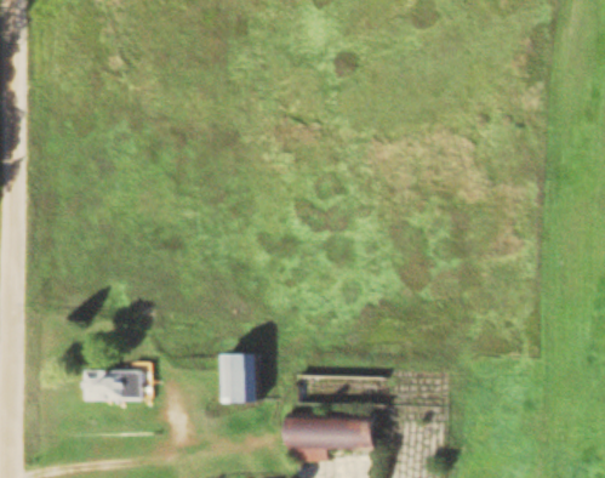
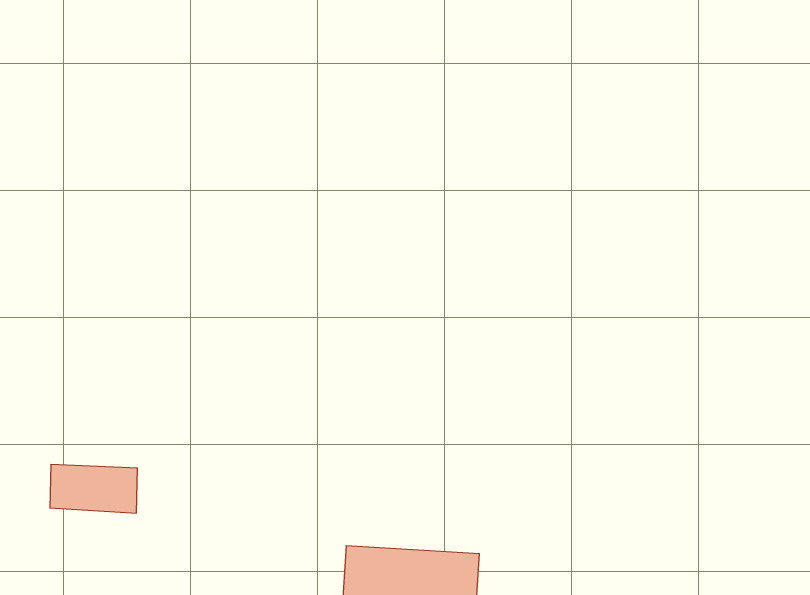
building: [221,354,255,403] -> none

